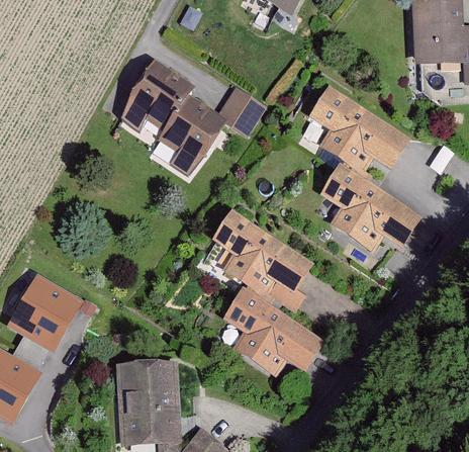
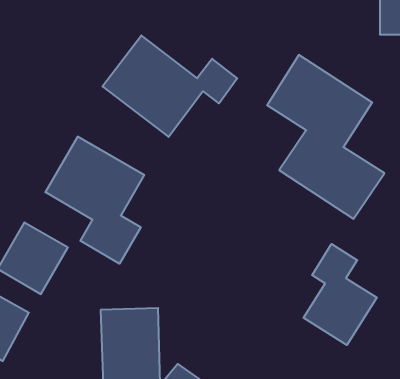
building: none -> [45,136,144,264]
building: [197,208,327,386] -> none
building: none -> [304,244,377,345]

